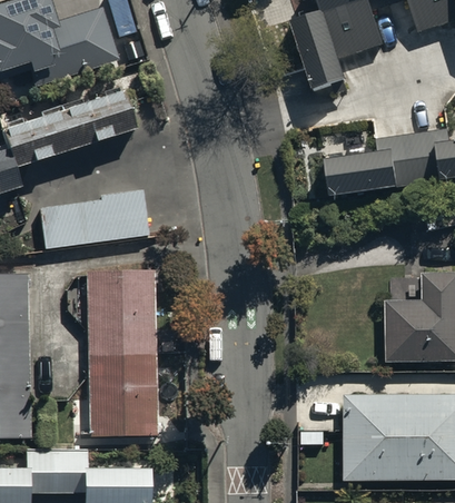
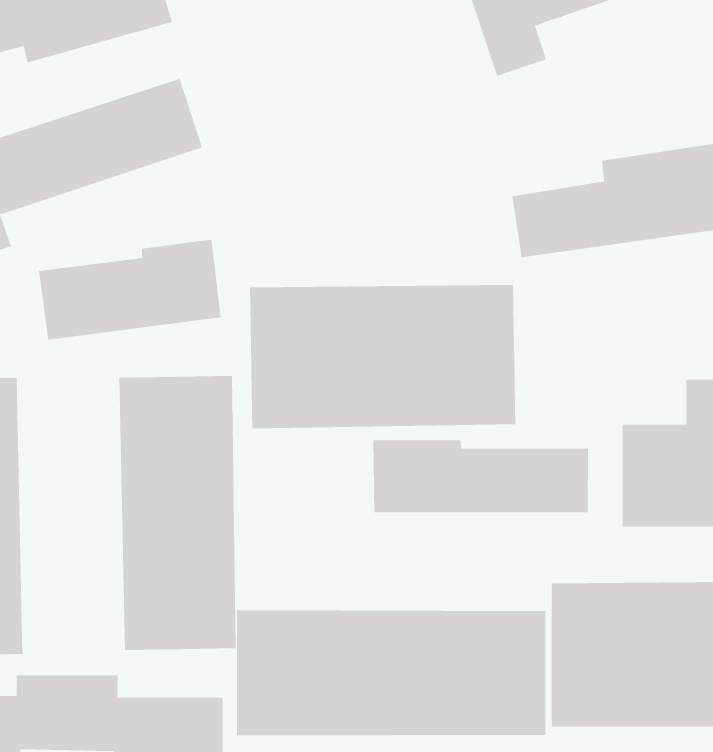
building: none -> [250,284,516,429]
building: none -> [373,439,589,513]
building: none -> [237,609,546,736]

